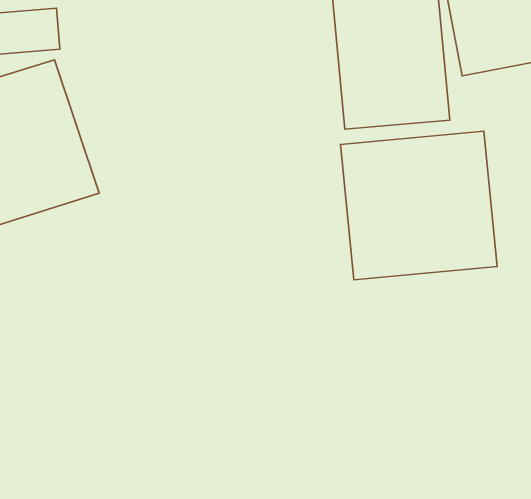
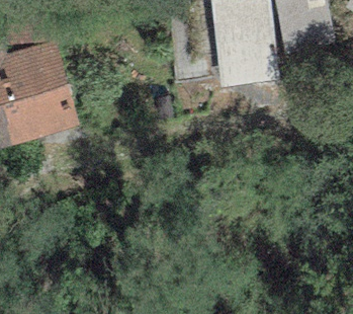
building: [340,131,497,280] -> none

